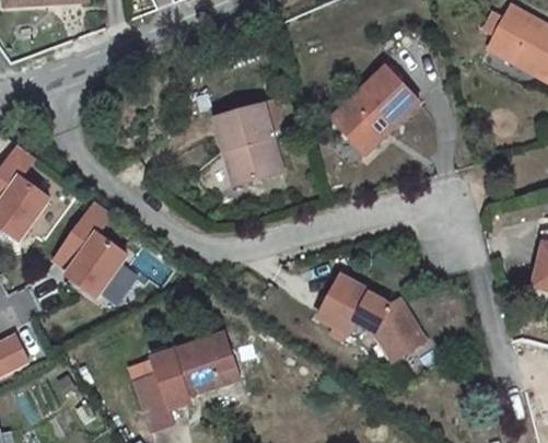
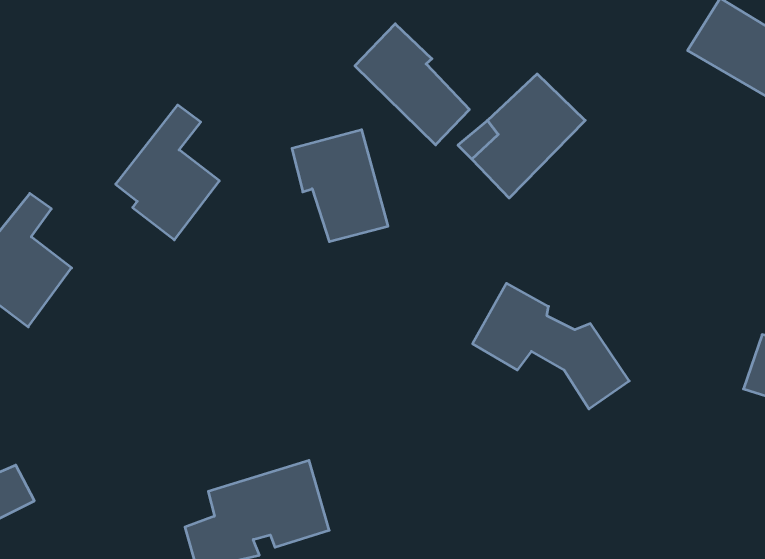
building: none -> [355,24,469,145]
building: [58,205,131,300] -> [116,105,219,240]
building: [314,272,424,361] -> [473,283,629,409]

